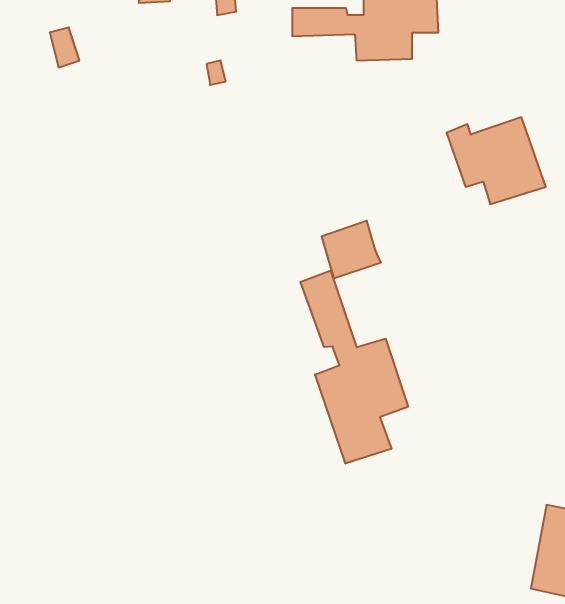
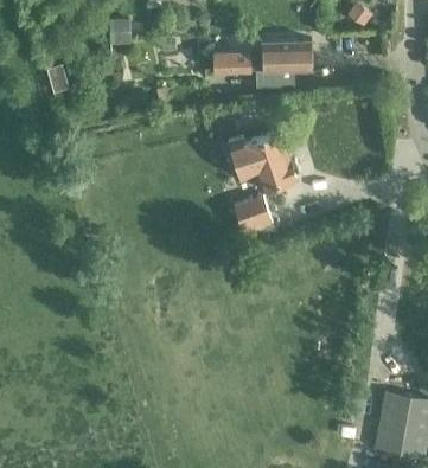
building: [446,117,546,204] -> [229,133,296,192]
building: [300,270,408,464] -> none

